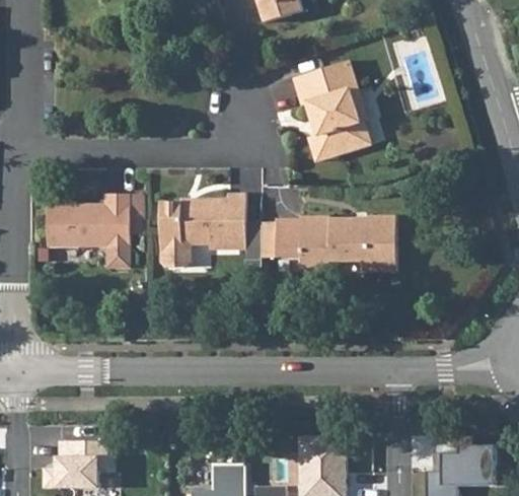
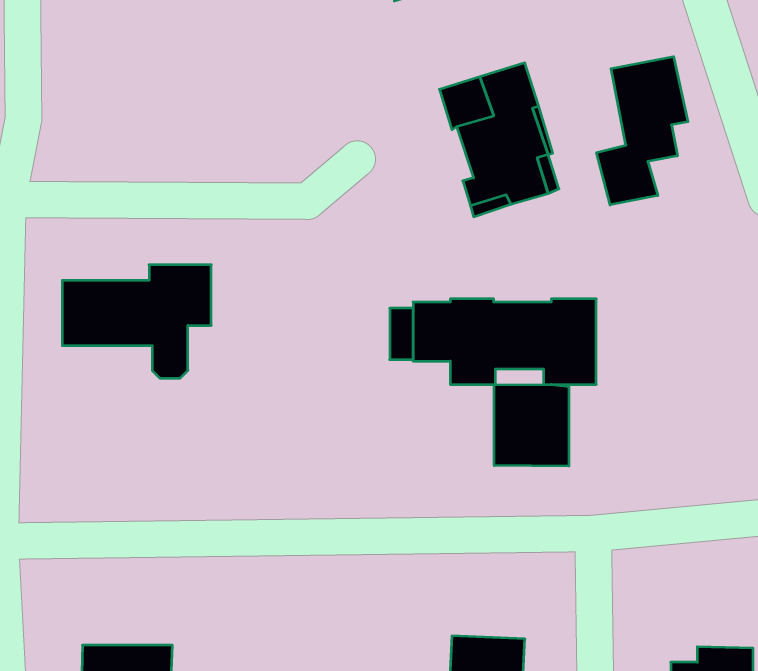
building: none -> [597,57,688,205]
building: [159,193,245,269] -> none
building: none -> [494,384,569,466]

